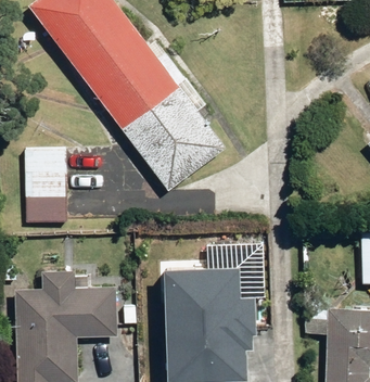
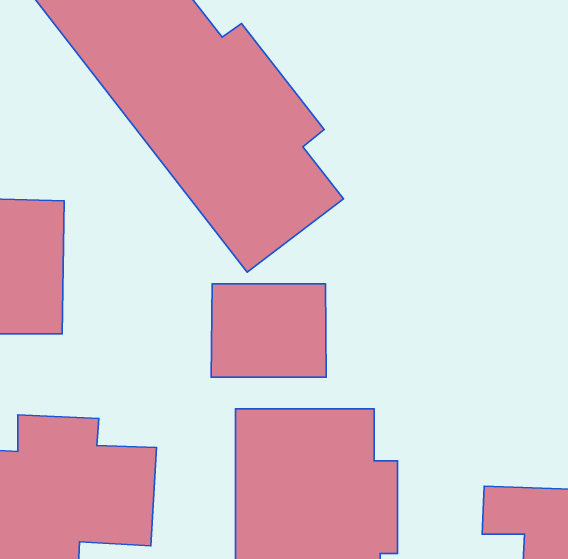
building: none -> [211,284,326,377]

